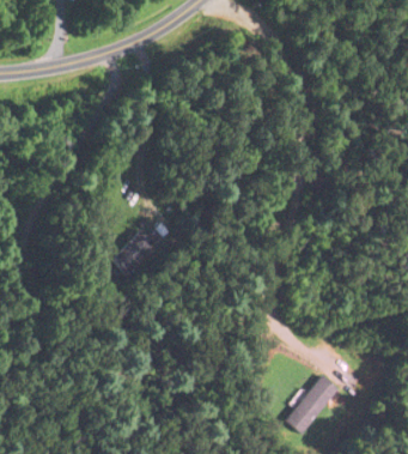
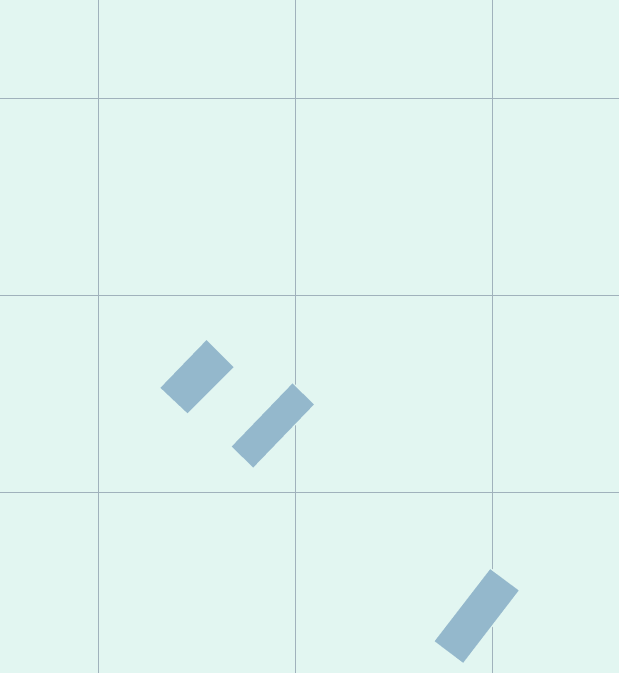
building: none -> [231,383,315,469]

